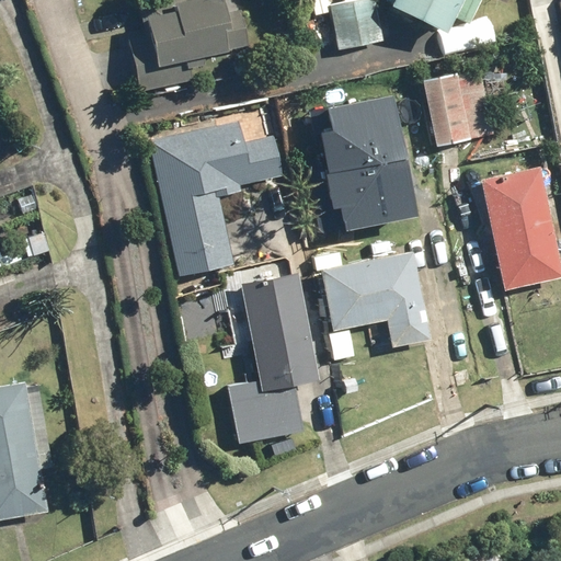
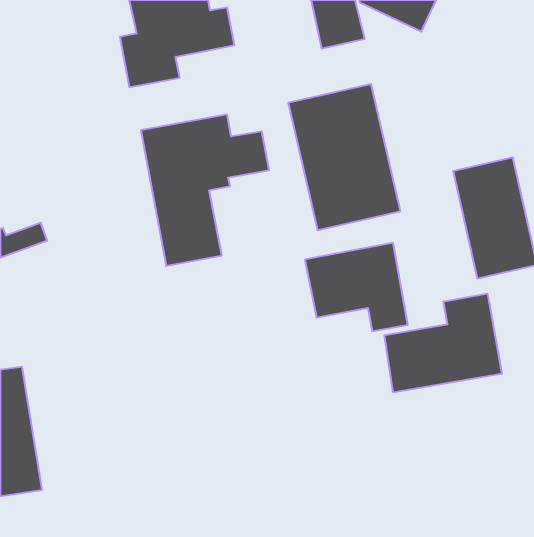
building: [419,69,495,147] -> none
building: [230,271,319,442] -> none
building: none -> [384,294,502,392]

